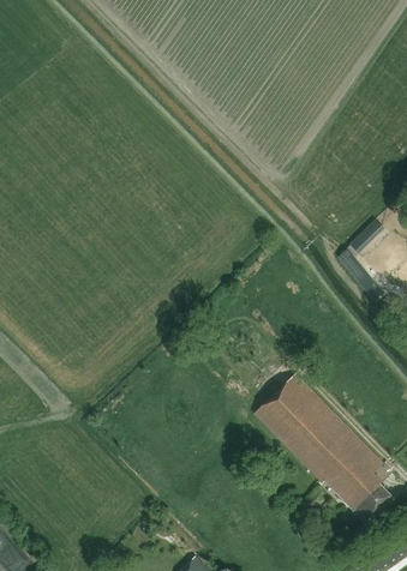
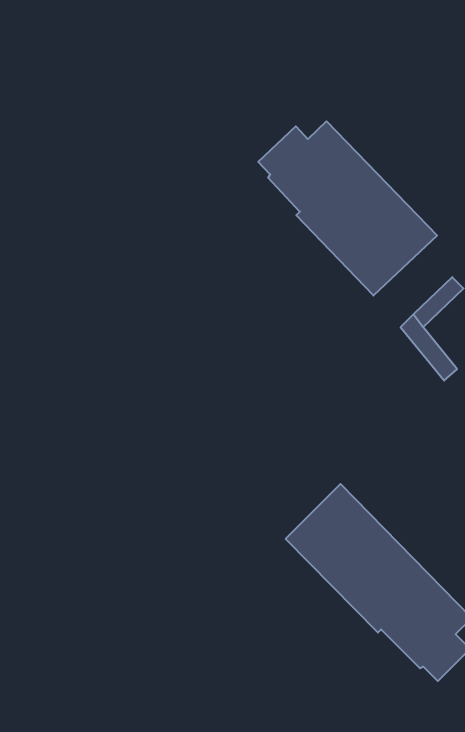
building: none -> [258,121,437,296]

